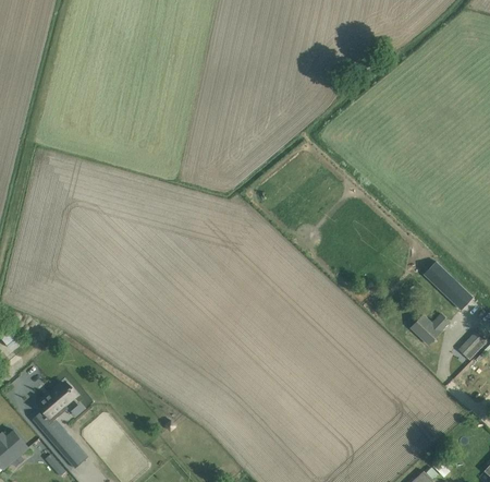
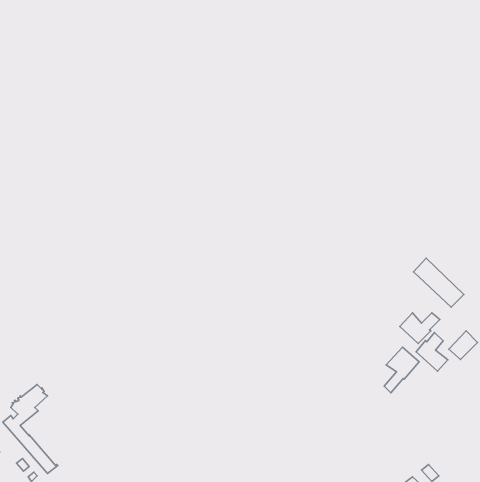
building: none -> [416,332,448,371]
building: none -> [384,347,419,393]

